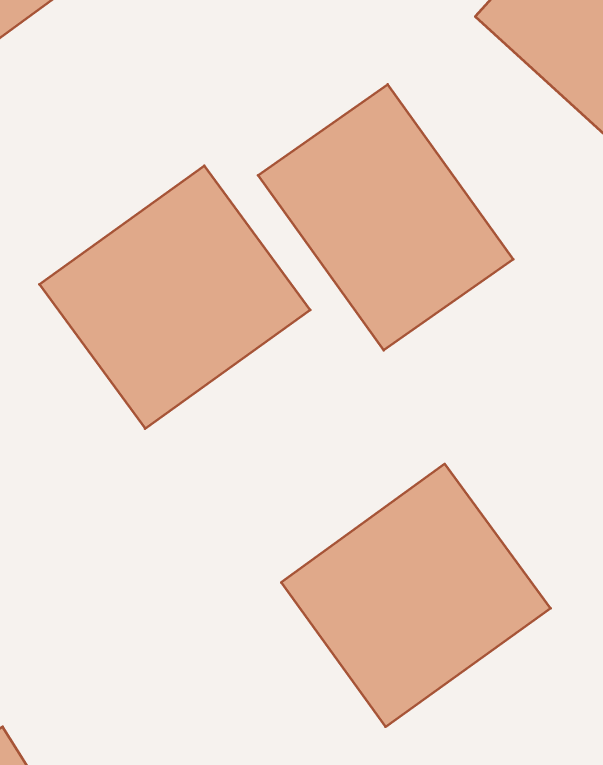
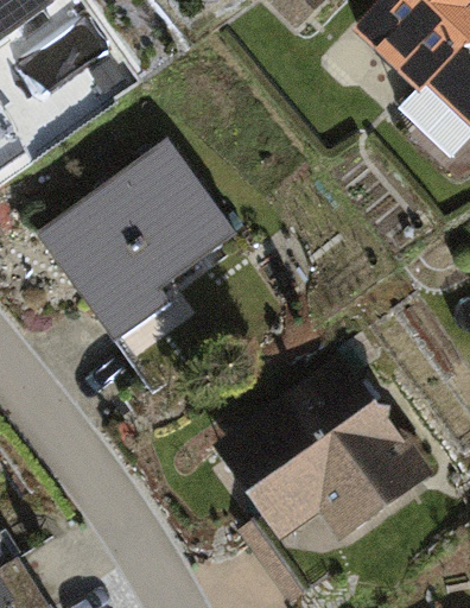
building: [258,84,513,350] -> none

